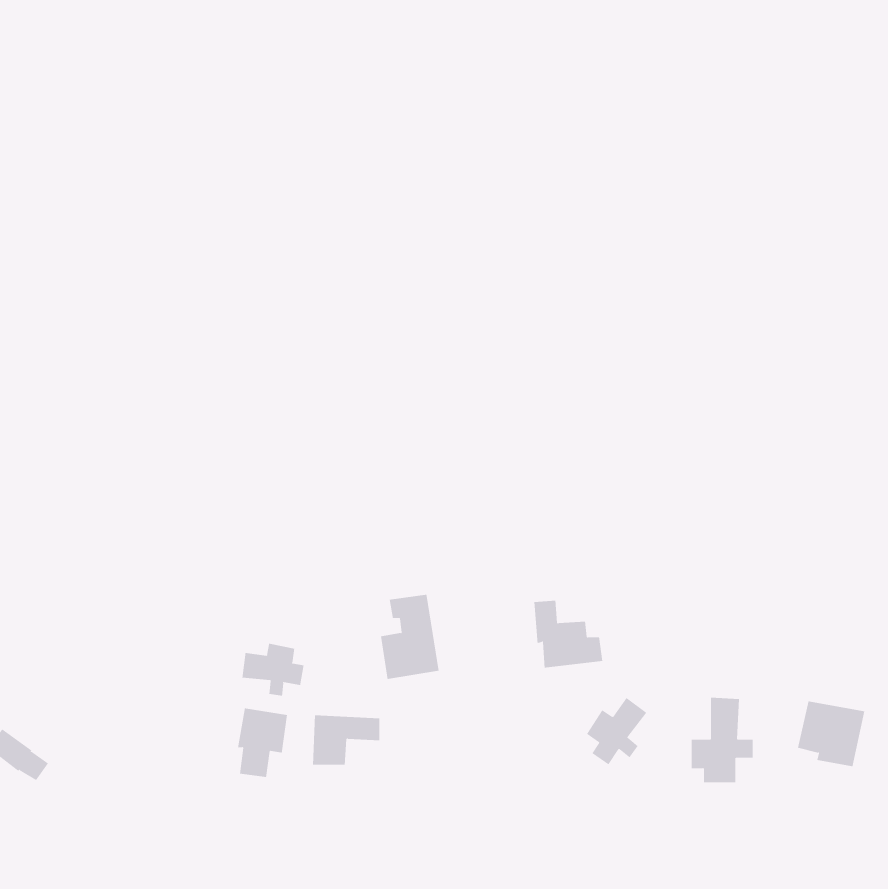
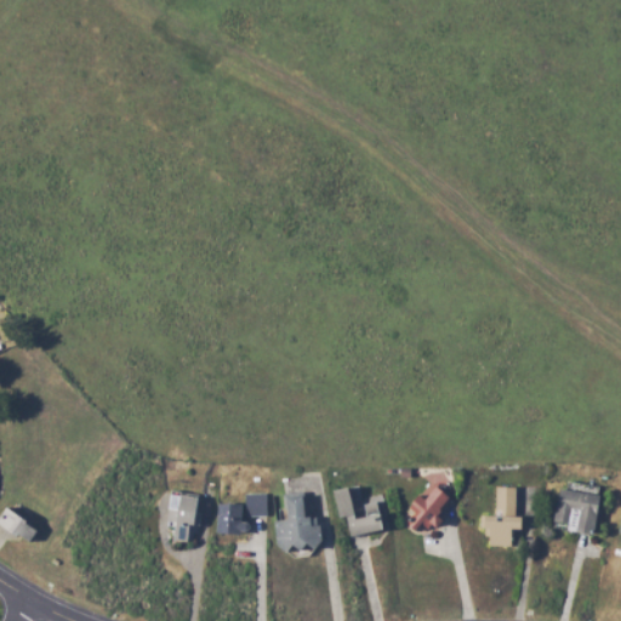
building: [380,594,439,680] -> [275,491,317,551]
building: [534,600,603,668] -> [337,488,386,535]
building: [242,643,304,696] -> none

